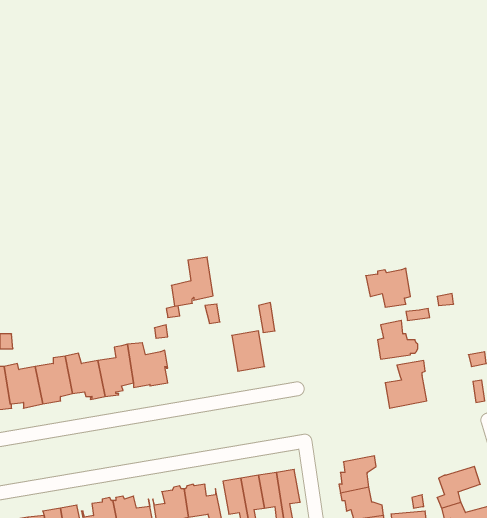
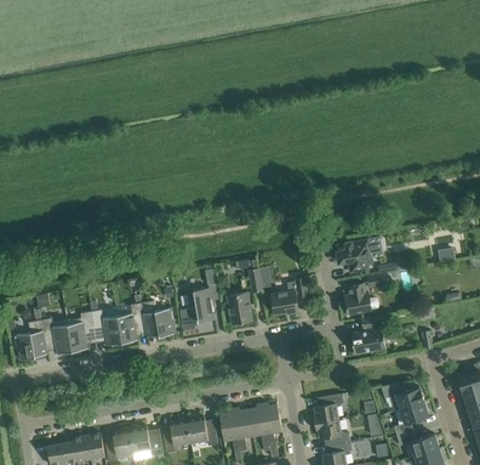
building: [171,257,213,306] -> [179,288,213,328]
building: none -> [270,278,307,316]
building: none -> [381,384,423,409]

